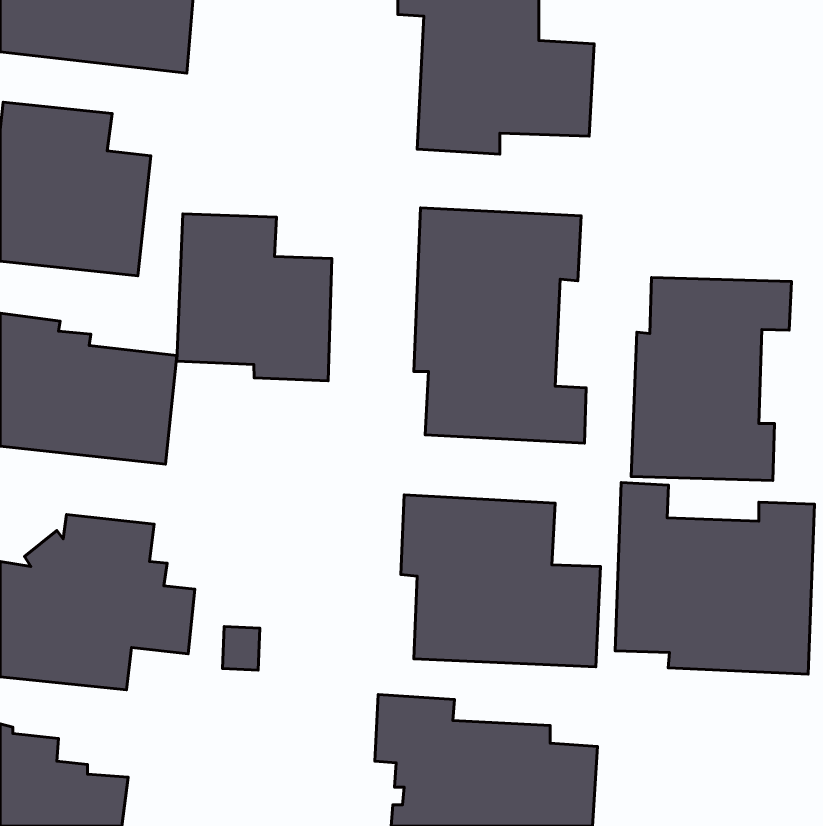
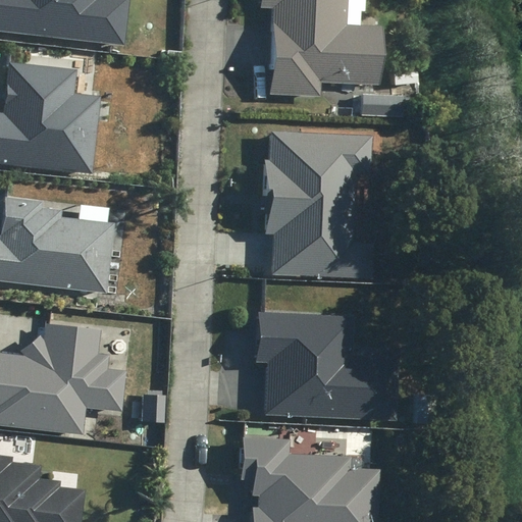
building: [177,214,332,381] -> none
building: [631,278,792,481] -> none
building: [615,482,814,674] -> none

